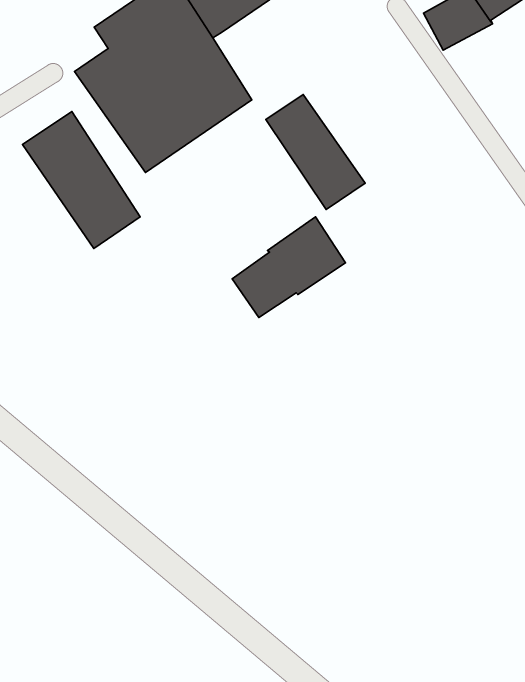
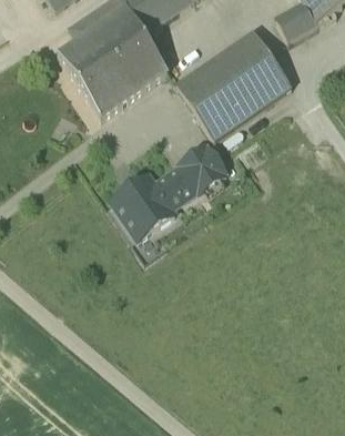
building: none -> [201,30,292,122]
building: [23,111,140,248] -> none
building: none -> [112,173,176,237]

